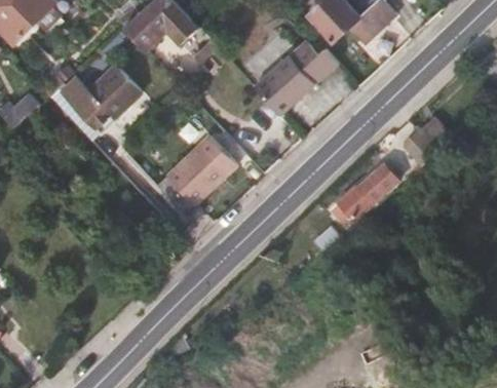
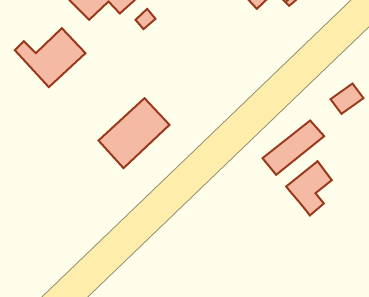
building: [254,41,337,116] -> none
building: none -> [286,161,332,215]

